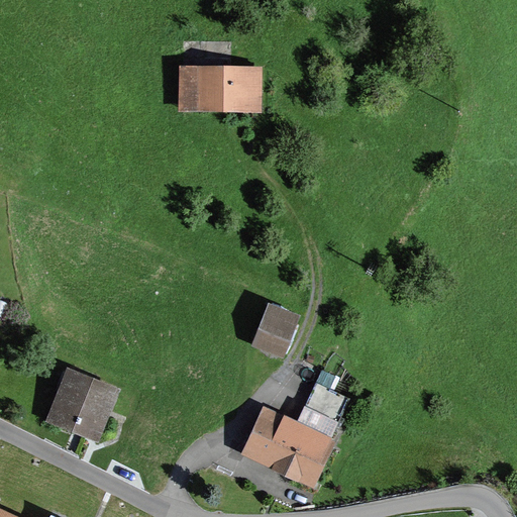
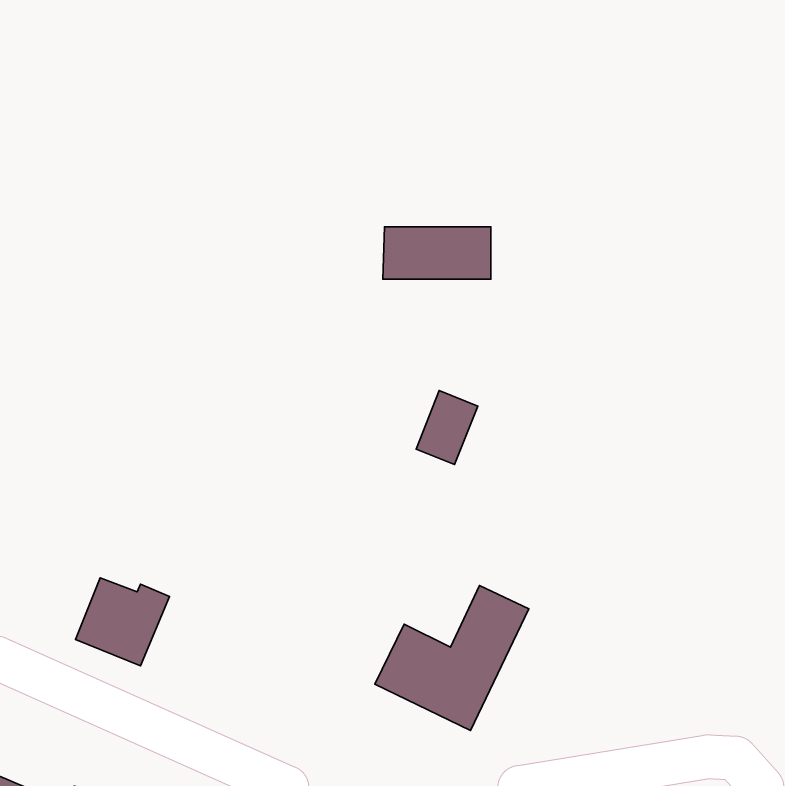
building: [181,75,251,109] -> [383,227,491,279]
building: [253,307,294,355] -> [416,391,478,465]

